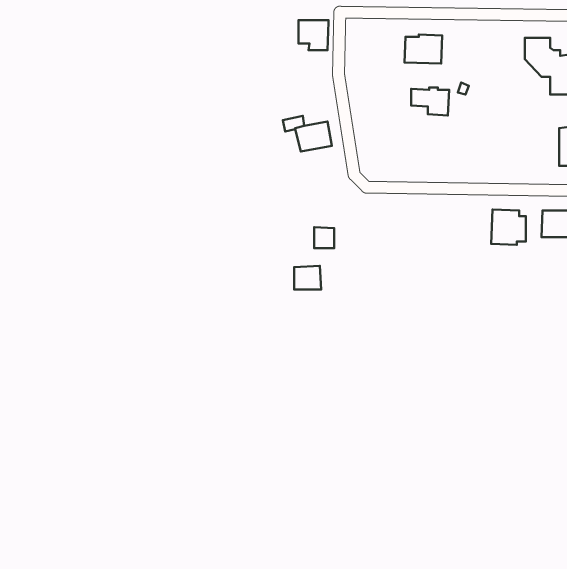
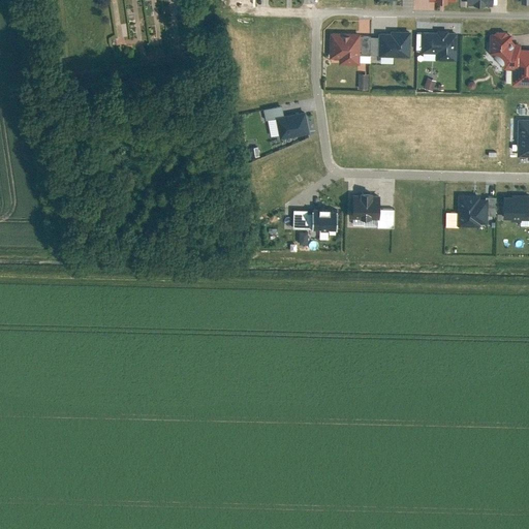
building: [298,20,329,50] -> [333,33,361,61]
building: [411,88,449,115] -> [424,31,459,57]
building: none -> [354,194,382,219]
building: [294,266,321,289] -> [312,211,337,232]

